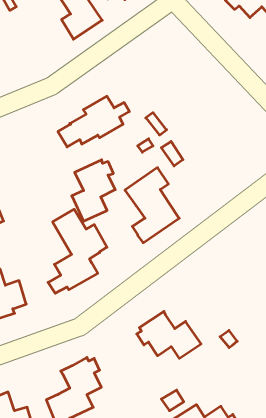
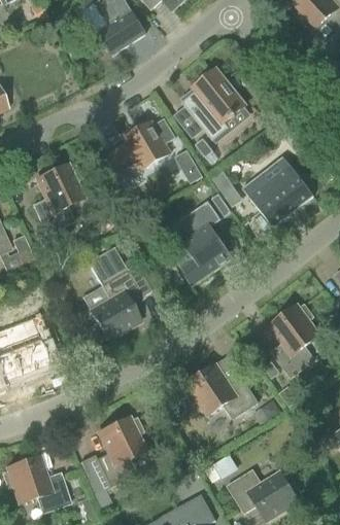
building: none -> [181,67,245,139]
building: none -> [242,165,313,226]
building: [72,160,115,221] -> [33,163,82,233]
building: none -> [270,304,318,376]

